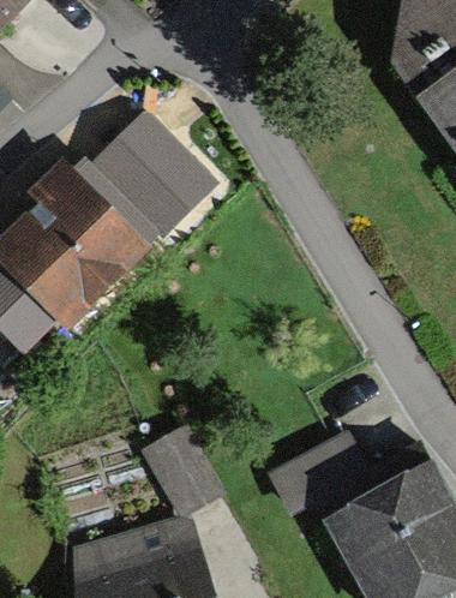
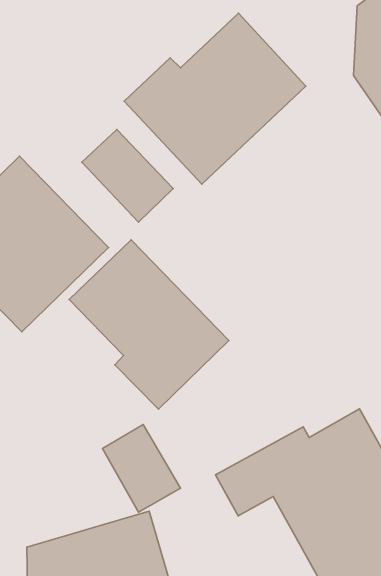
building: none -> [124,13,306,184]
building: none -> [69,240,229,409]

